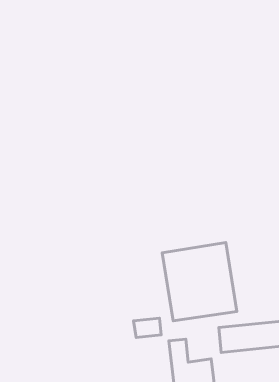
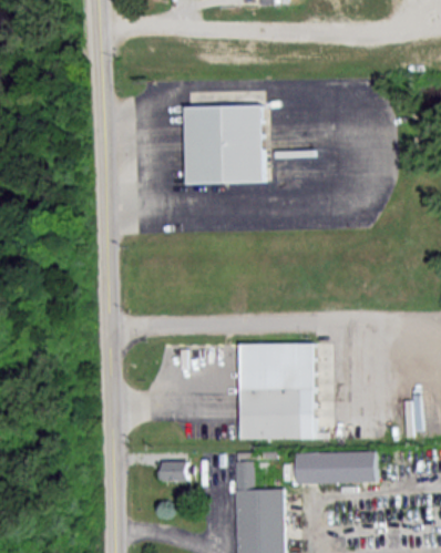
building: none -> [182,105,260,184]
building: [134,318,161,338] -> [160,461,192,482]

